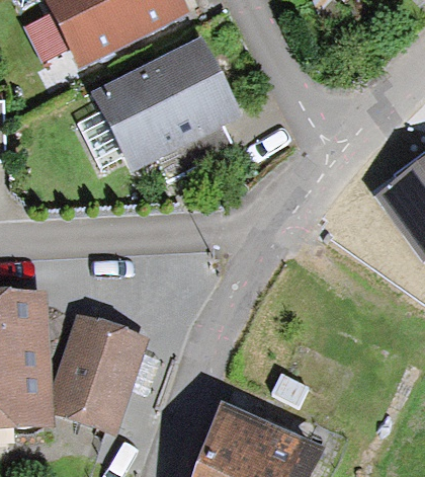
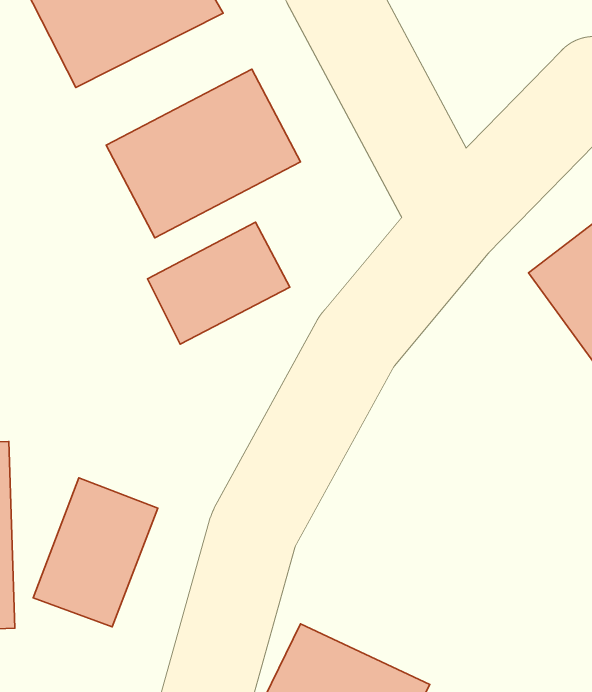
building: none -> [147,222,290,344]

